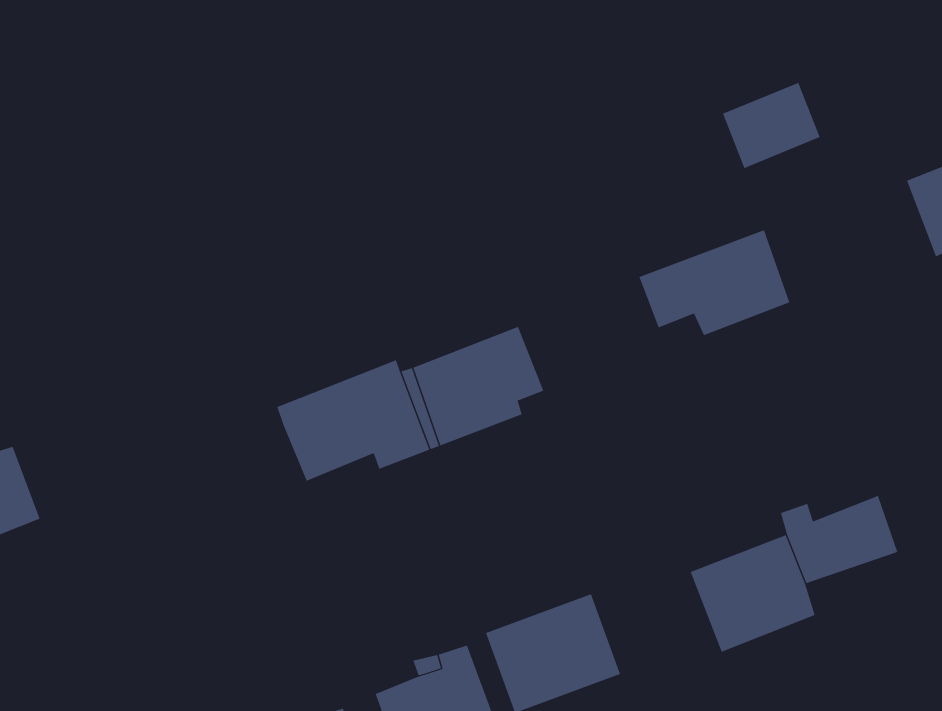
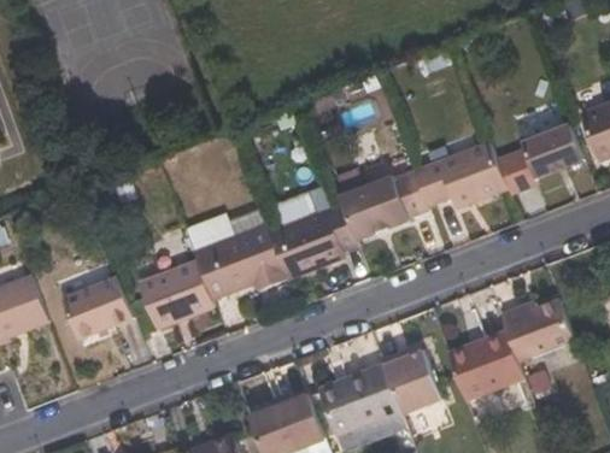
building: [722,82,821,169] -> [523,123,583,176]
building: none -> [340,171,429,241]
building: none -> [139,261,215,329]
building: none -> [61,276,134,337]
building: none -> [383,352,441,414]

